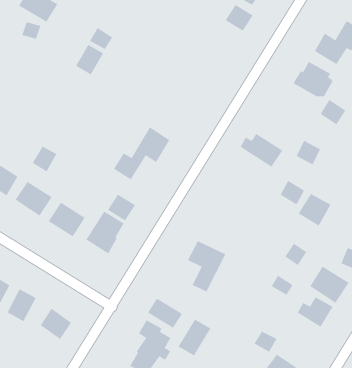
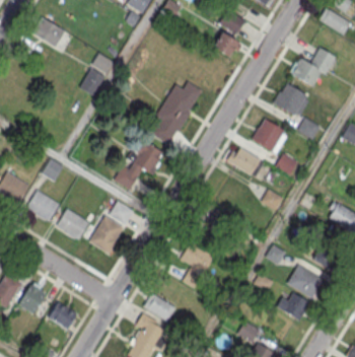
building: none -> [153,81,202,143]
building: none -> [253,119,287,153]
building: [298,193,331,226] -> none
building: [178,319,211,356] -> none

